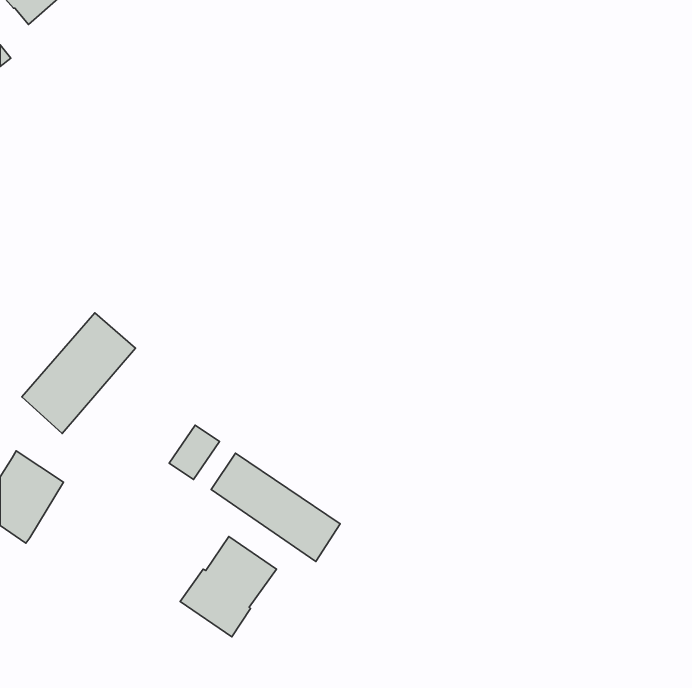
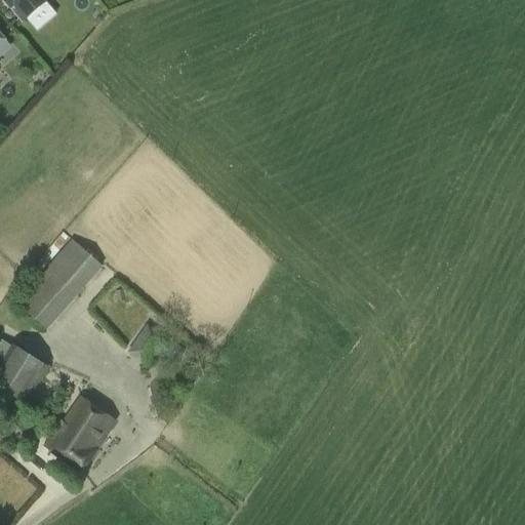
building: [211,453,340,561] -> none
building: [180,537,276,637] -> [43,395,116,471]

